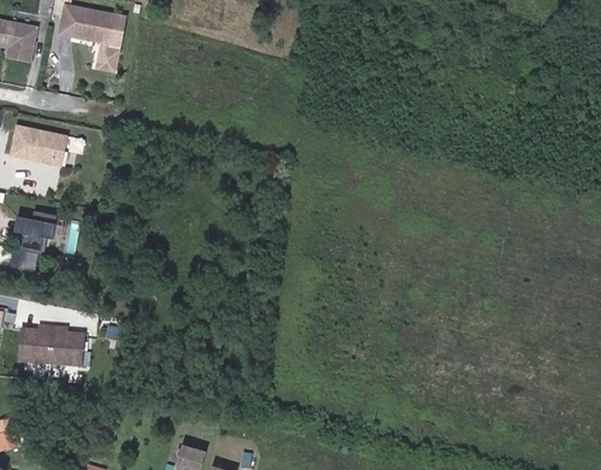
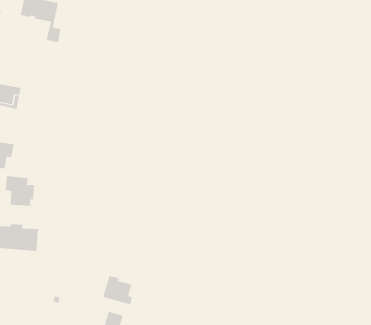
building: none -> [5,175,34,207]
building: none -> [103,275,133,305]

